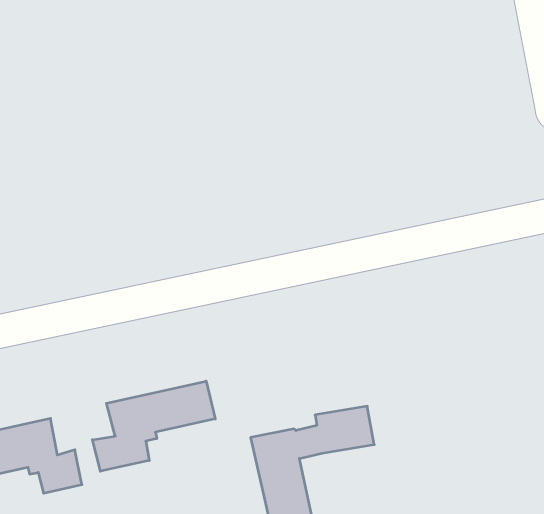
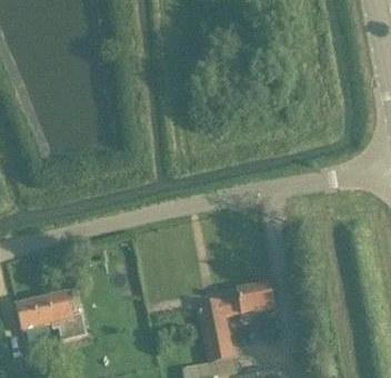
building: [92,381,215,471] -> none

